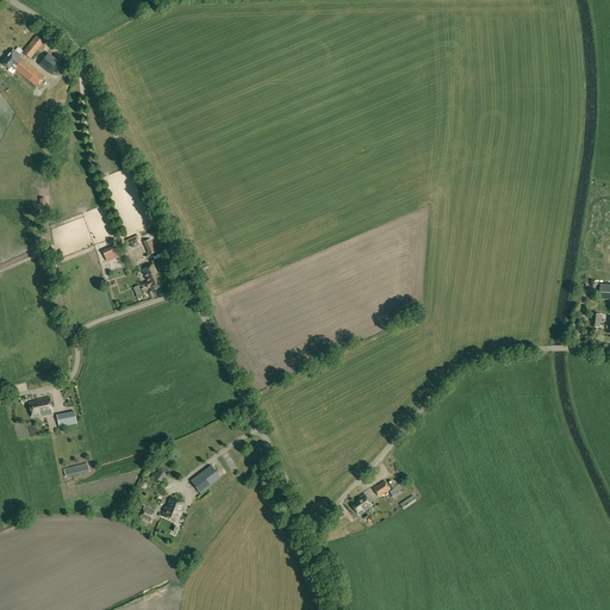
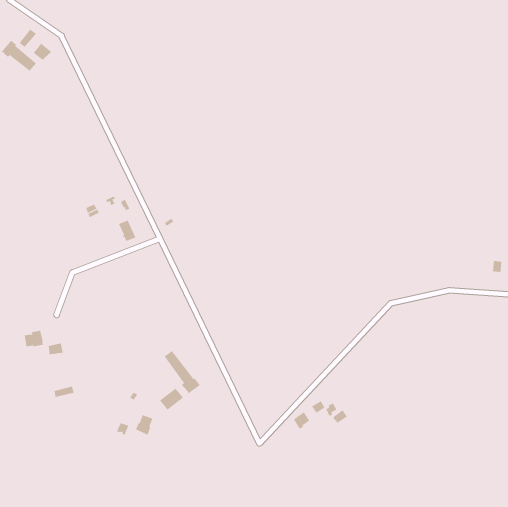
building: none -> [164,350,200,394]

